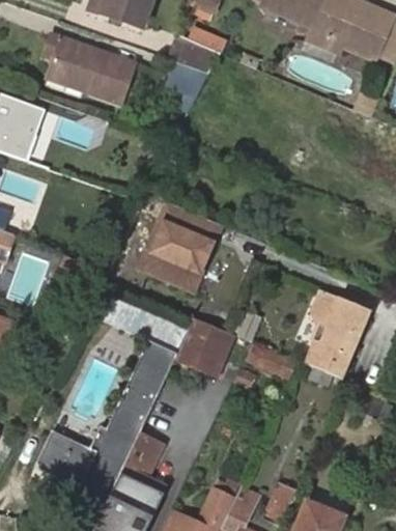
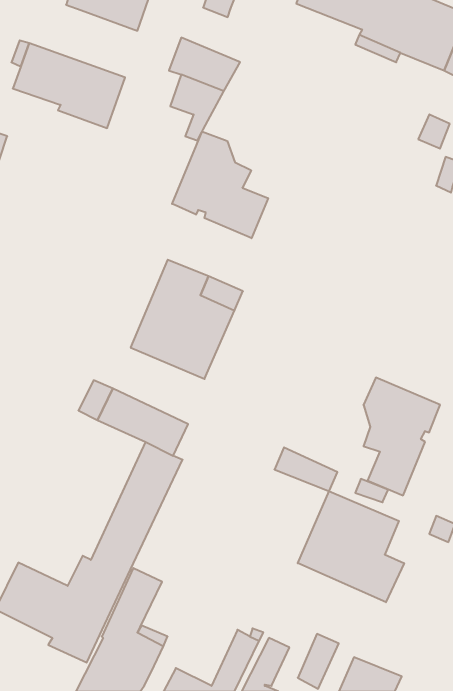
building: none -> [172,131,268,238]
building: [176,317,233,375] -> none
building: none -> [298,491,404,602]

